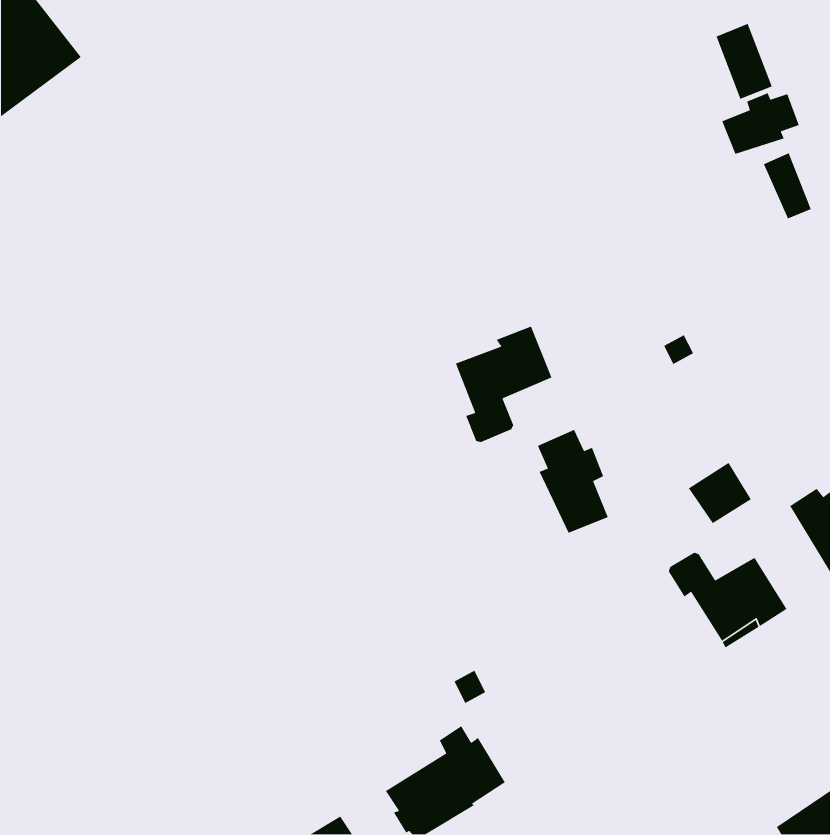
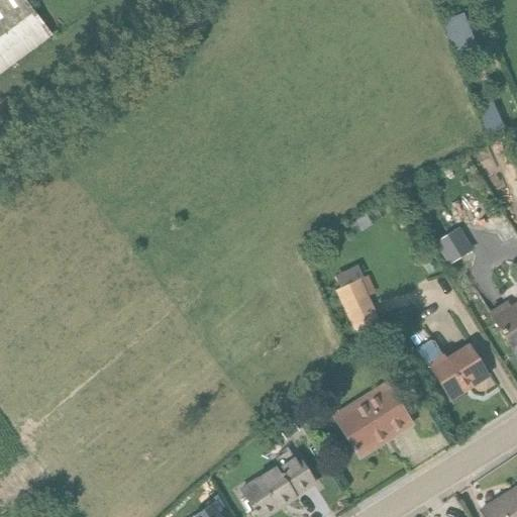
building: [721,92,800,155] -> none
building: [455,326,552,443] -> none
building: [688,462,752,524] -> [435,227,475,266]
building: none -> [335,383,410,456]

